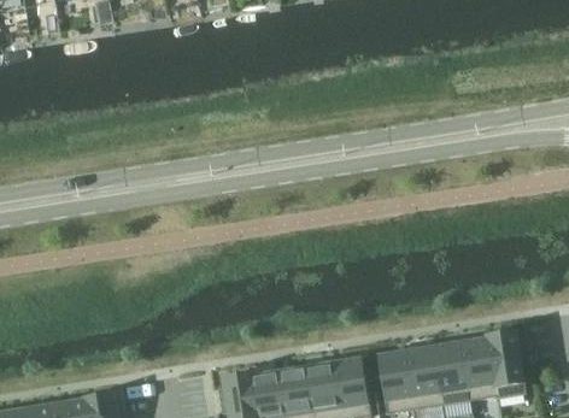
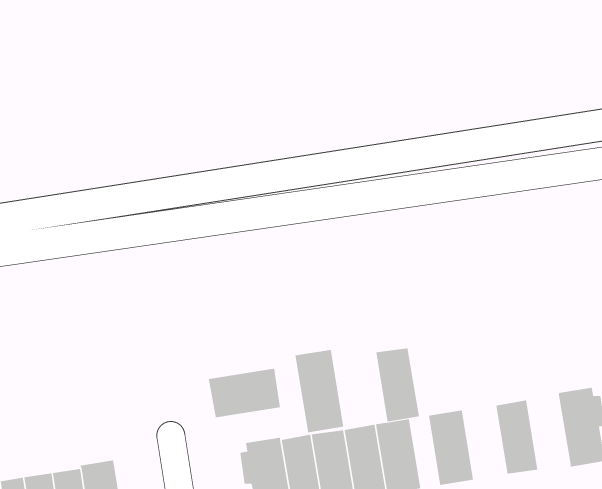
building: none -> [295,349,344,433]
building: none -> [208,368,281,418]
building: [458,337,494,400] -> none
building: [404,346,441,408] -> [375,348,420,422]

